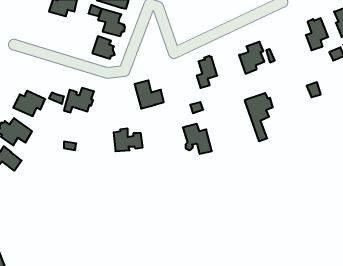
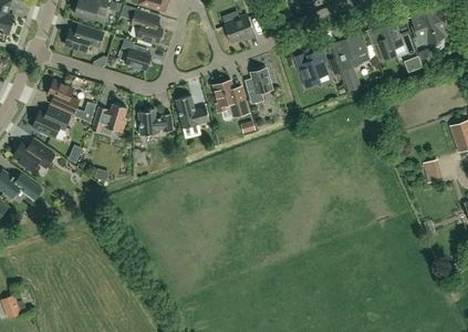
building: none -> [225,14,256,42]
building: none -> [65,24,103,52]
building: none -> [46,81,79,114]
building: [245,93,273,141] -> [333,34,366,91]
building: [183,124,212,154] -> [214,81,248,116]
building: [114,129,143,151] -> [138,108,173,135]

